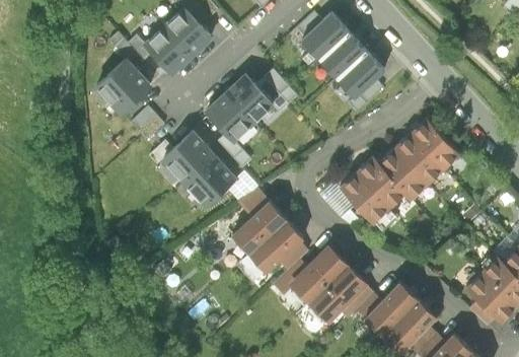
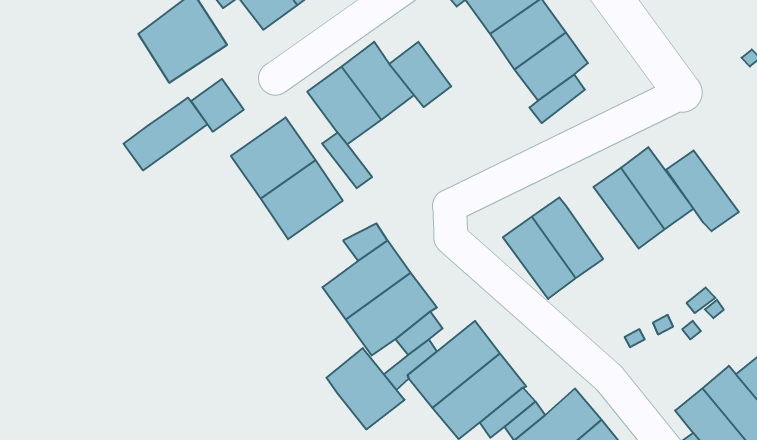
building: none -> [123,98,208,170]
building: [379,150,429,201] -> [666,150,739,231]
building: none -> [326,348,405,429]

